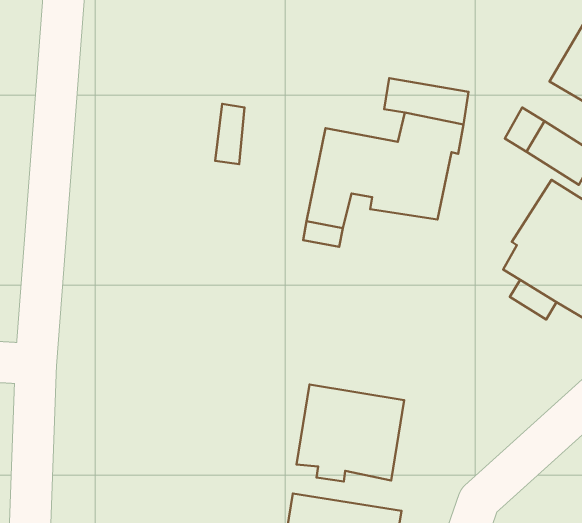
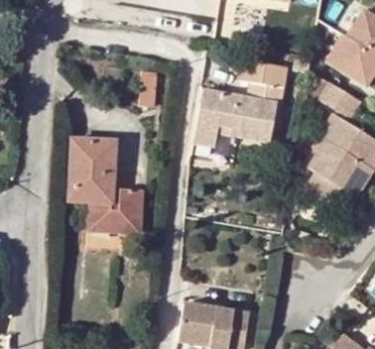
building: none -> [70,135,142,232]
building: [297,384,404,482] -> none

